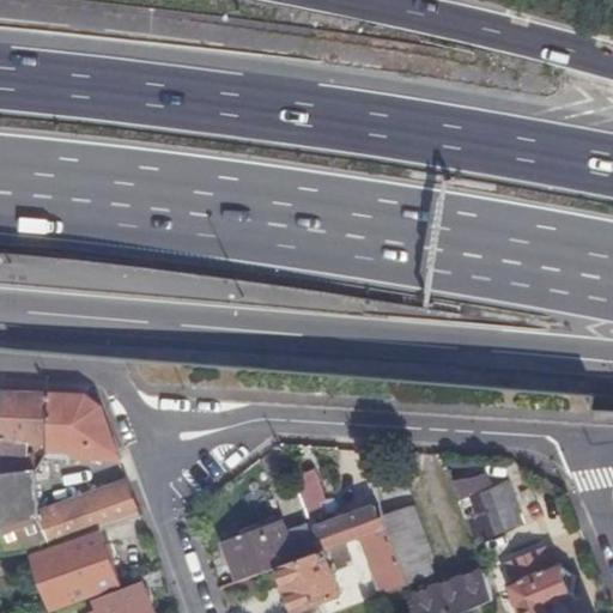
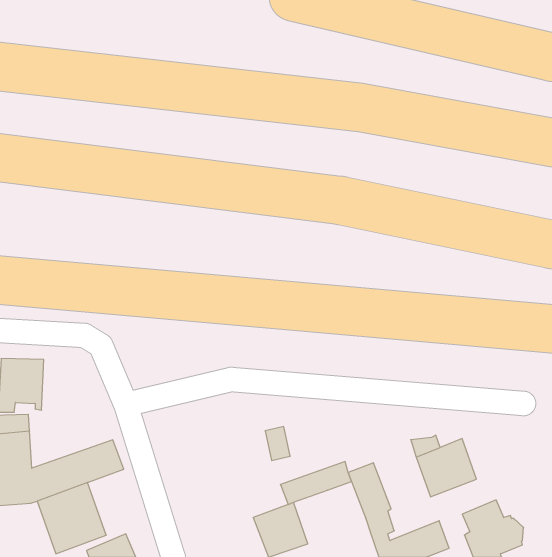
building: [45,393,115,456] -> none
building: [224,523,315,578] -> none
building: [358,526,405,591] -> none

